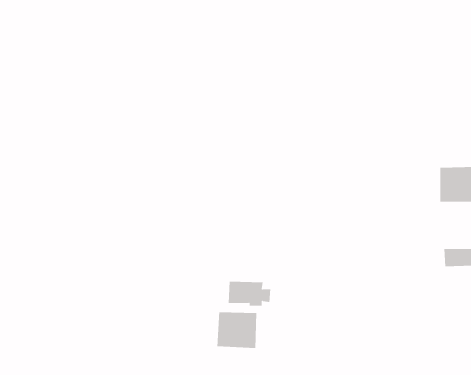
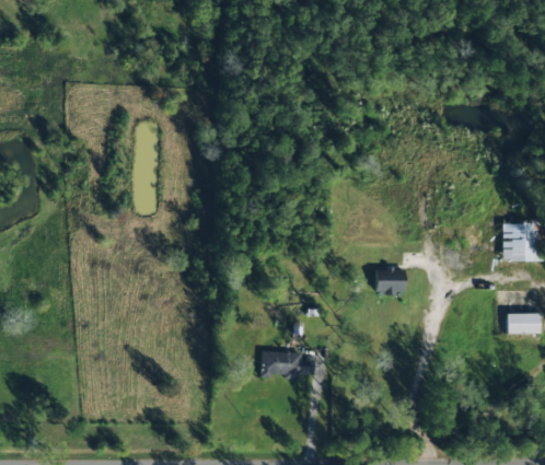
building: none -> [374,268,404,293]
building: [217,311,257,349] -> none

